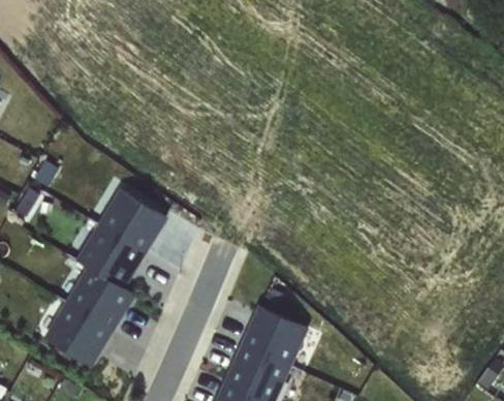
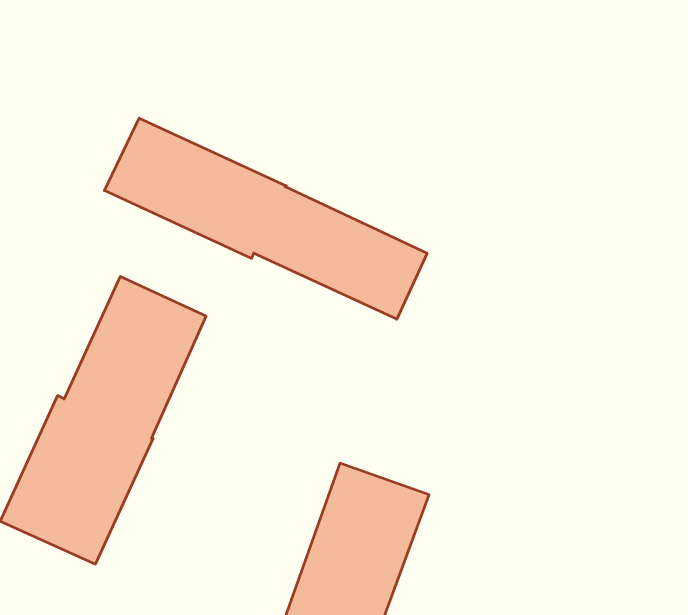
building: none -> [104,118,427,319]

